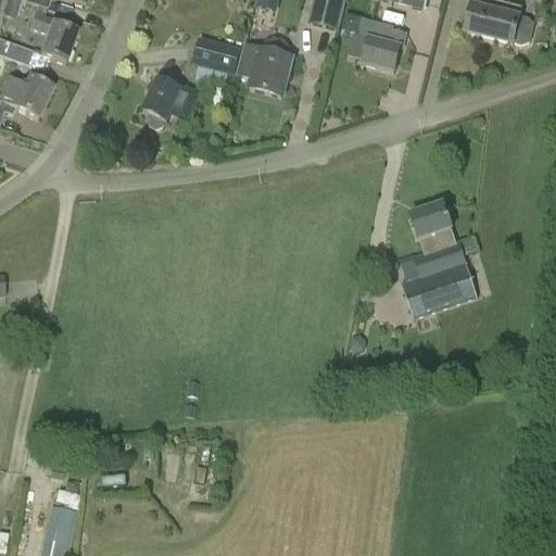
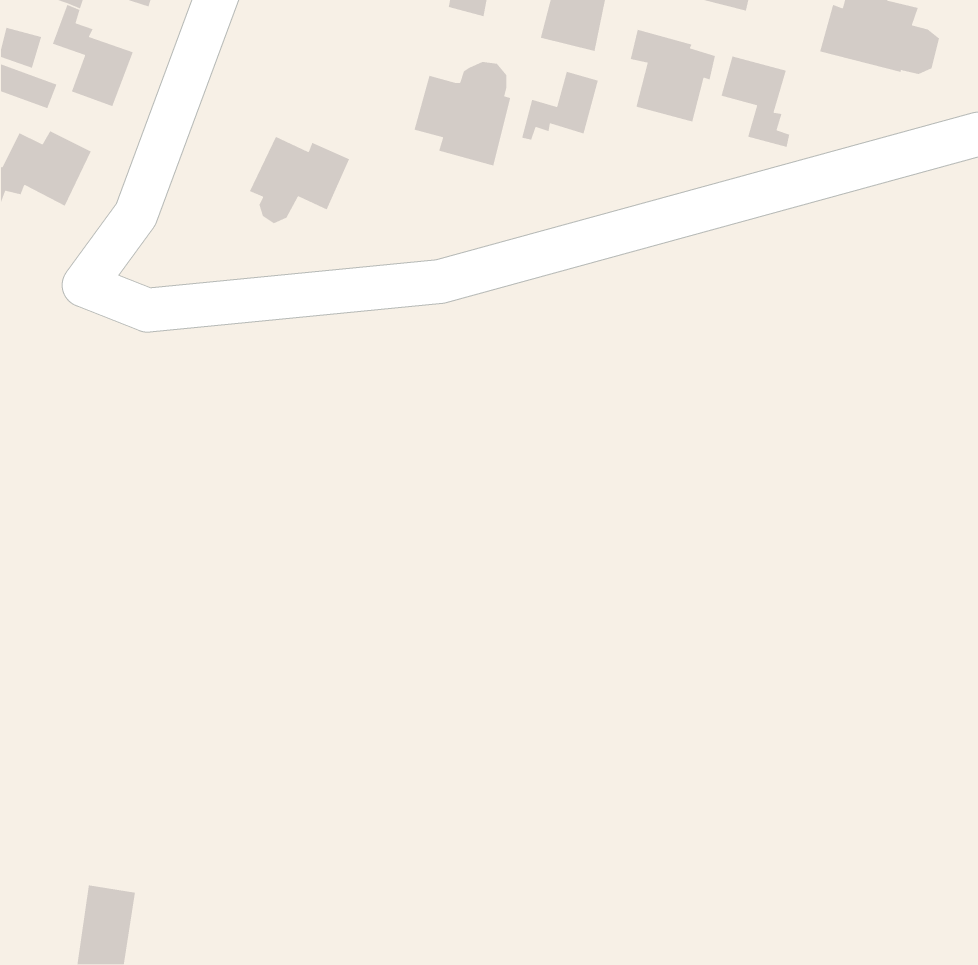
building: none -> [720,56,790,148]
building: [192,36,240,73] -> none
building: none -> [521,71,599,140]
building: [400,203,478,317] -> none

